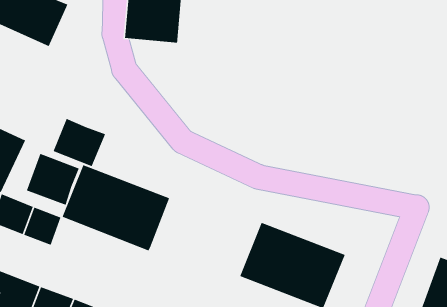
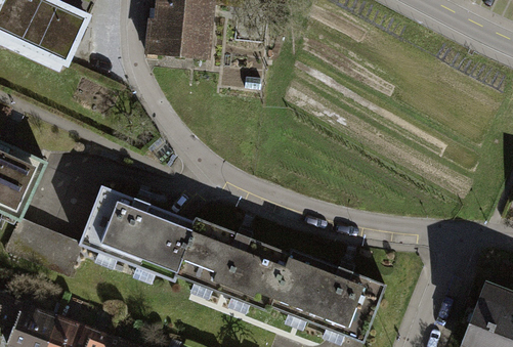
building: [52,118,106,167] -> none
building: [26,153,80,206] -> none
building: none -> [175,217,291,312]

